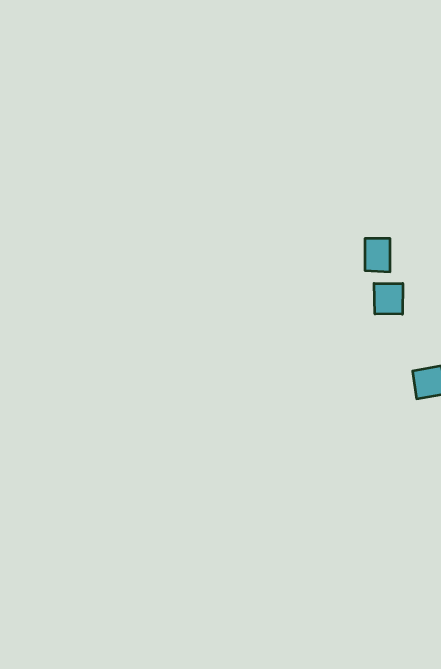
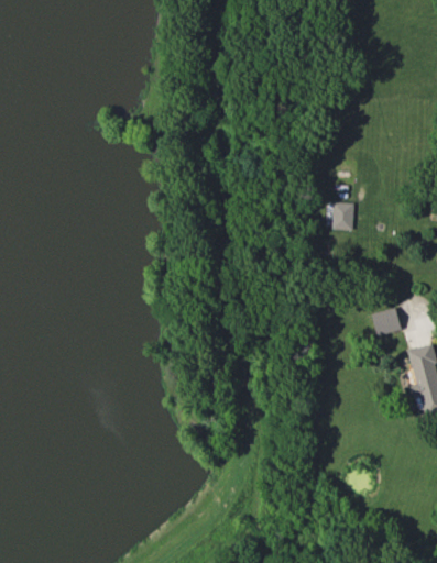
building: [374,283,403,314] -> none

